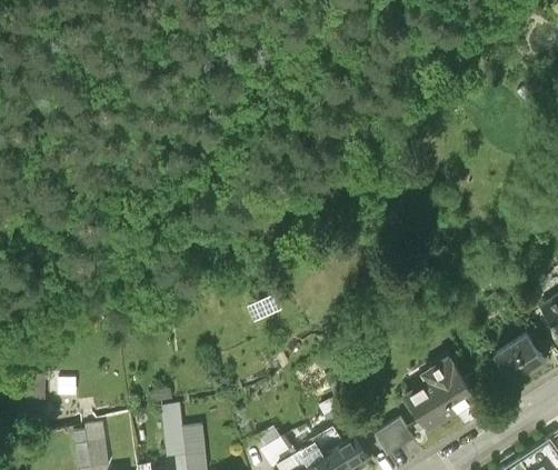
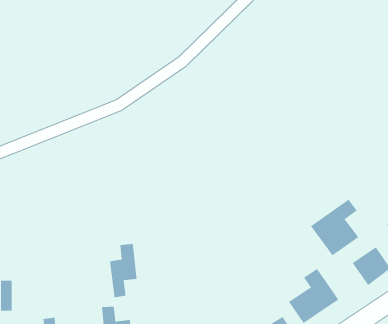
building: none -> [310,199,359,256]
building: none -> [109,243,137,298]

